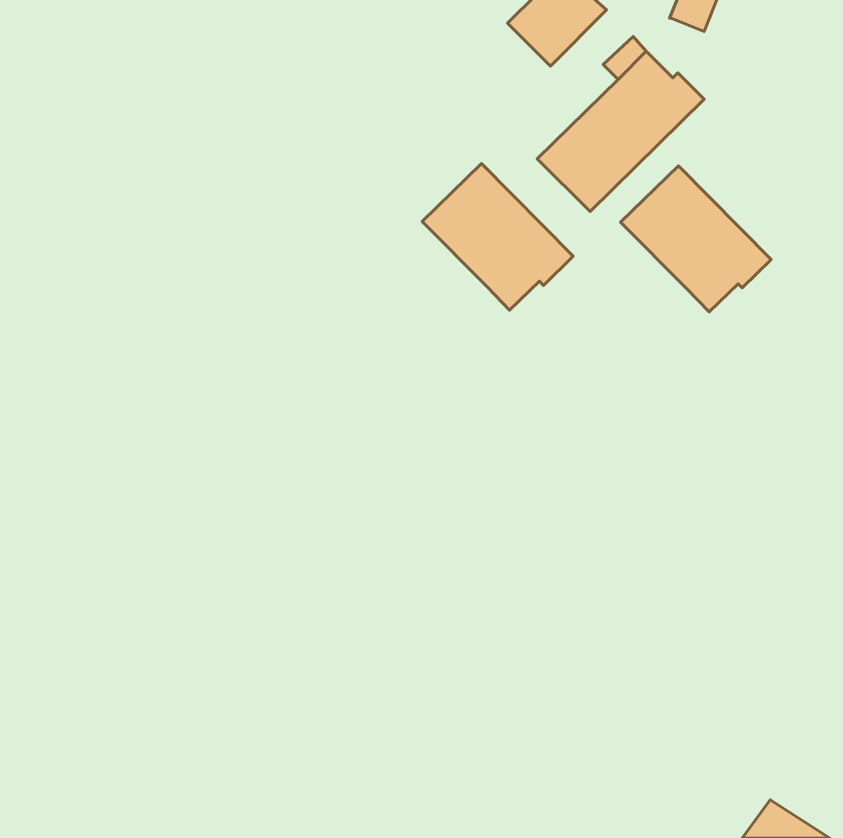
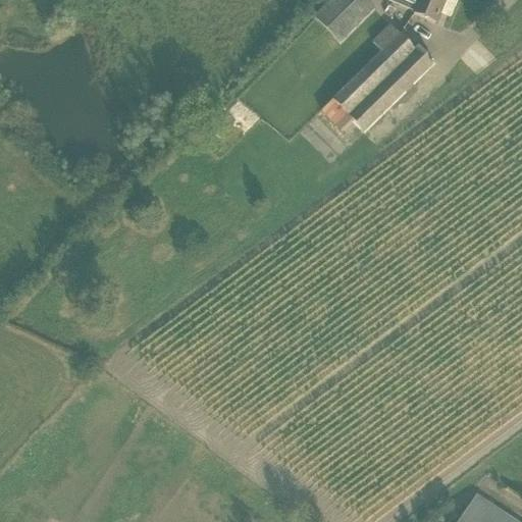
building: [422,163,573,310] -> none
building: [621,166,771,312] -> none

